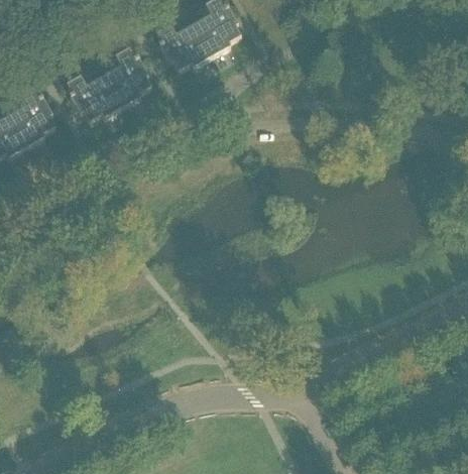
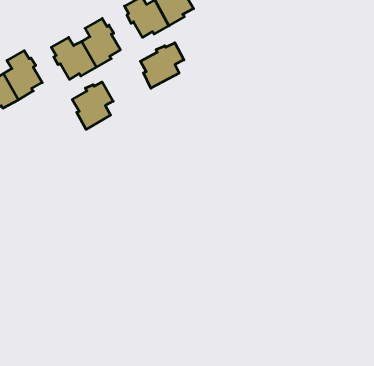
building: none -> [140,43,184,88]
building: none -> [72,82,113,129]

